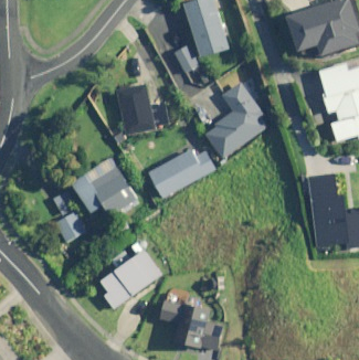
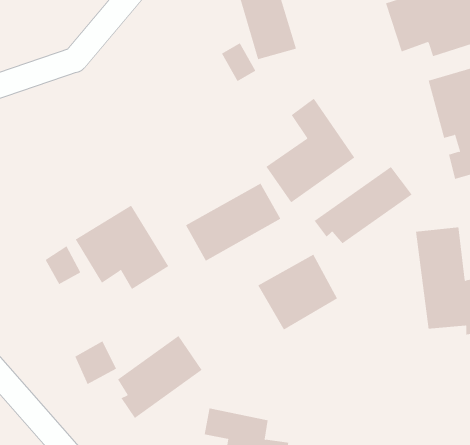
building: [116,82,169,135] -> none
building: none -> [314,166,413,244]
building: none -> [258,254,338,331]
building: [54,211,84,242] -> [74,341,117,385]

